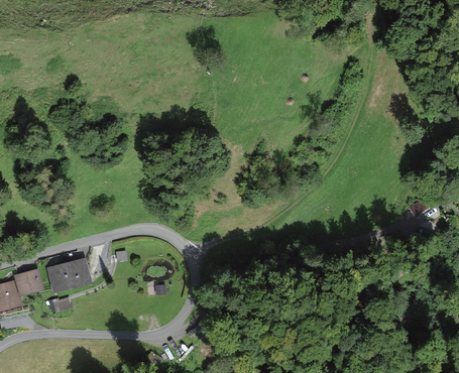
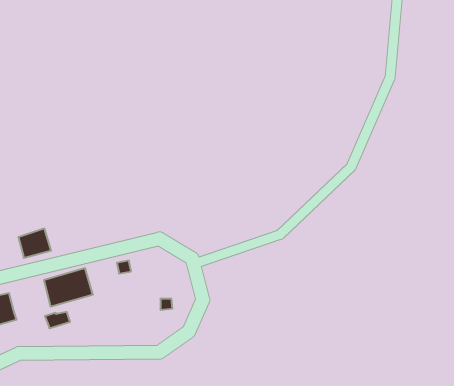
building: [13,268,43,295] -> [18,229,51,258]

